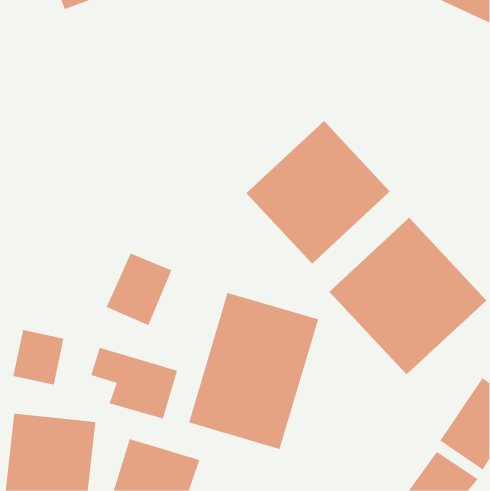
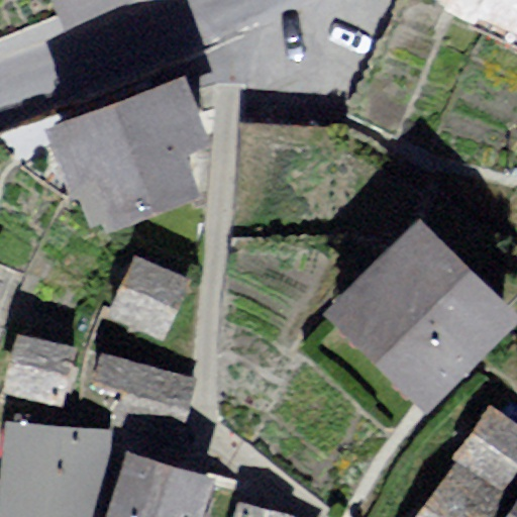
building: none -> [62,87,201,213]
building: [246,120,391,264] -> none
building: [188,292,319,450] -> none

